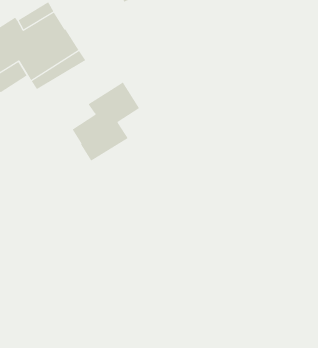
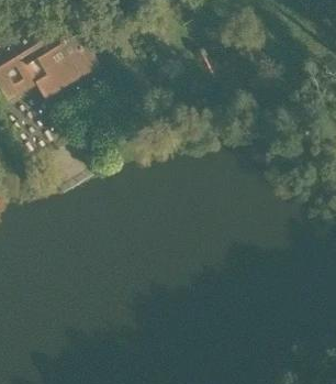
building: [72,81,140,162] -> none

